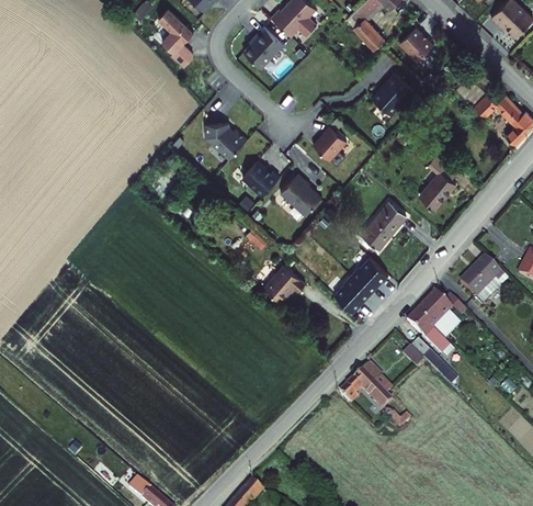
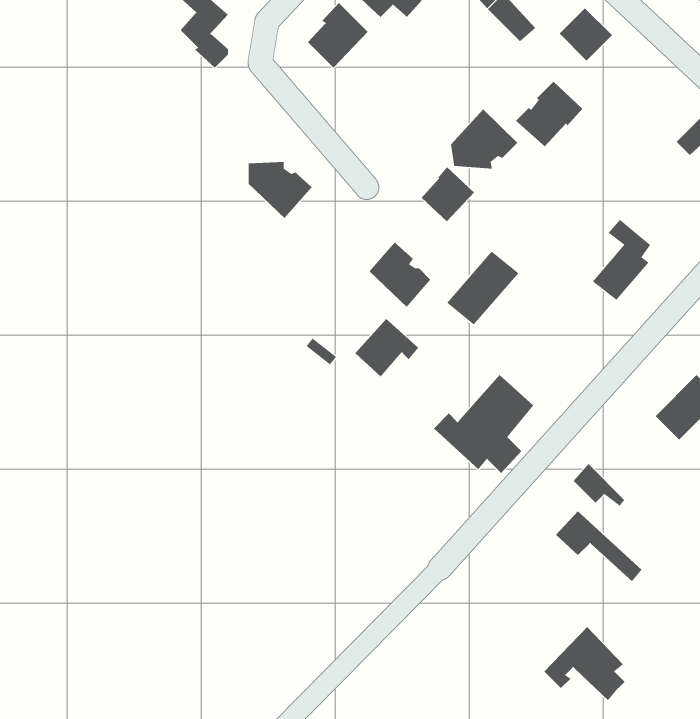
building: none -> [450,109,518,170]
building: [242,160,280,195] -> none
building: [362,205,408,252] -> [446,250,519,326]
building: [265,266,306,303] -> [355,318,419,378]
building: [419,293,453,336] -> none
building: [341,363,393,411] -> [543,626,625,701]

